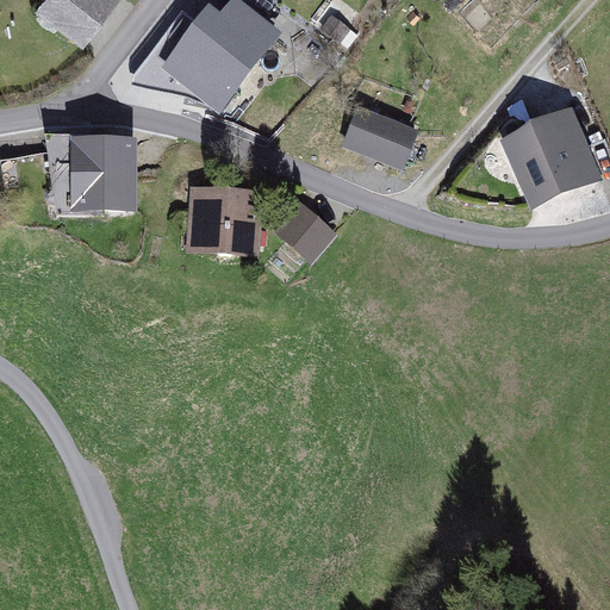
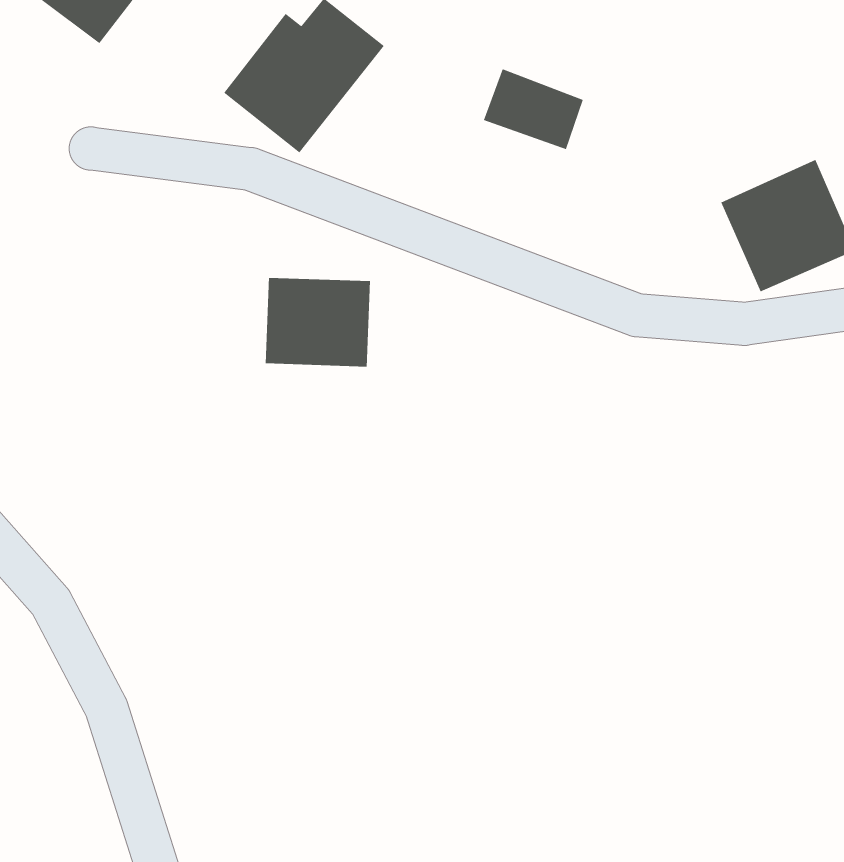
building: [348,108,417,164] -> [483,68,584,150]
building: [43,136,133,210] -> none
building: [274,200,332,256] -> none

